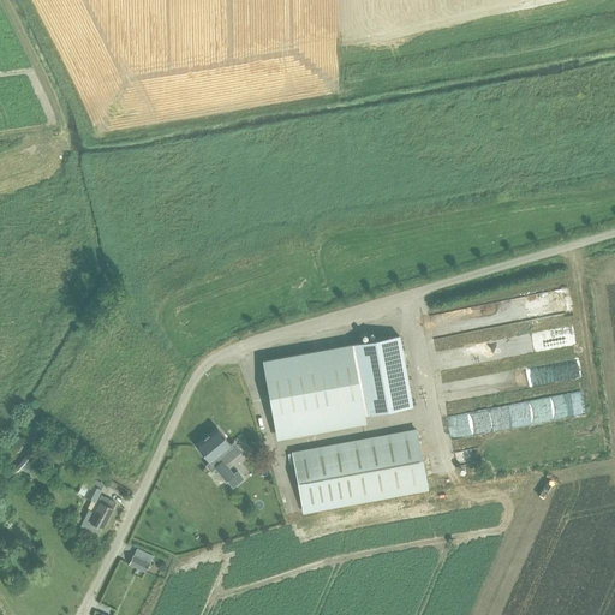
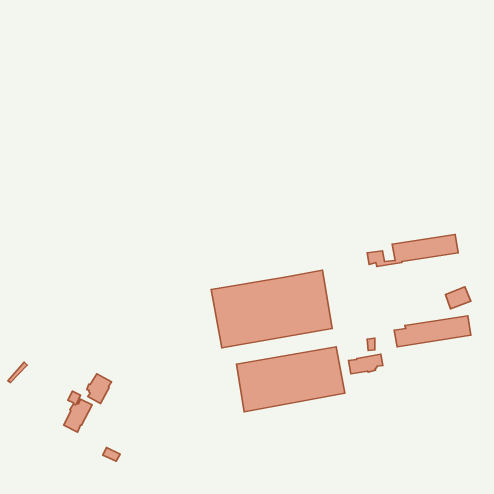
building: [196,429,240,483] -> none
building: none -> [349,354,383,374]
building: none -> [87,374,112,403]

